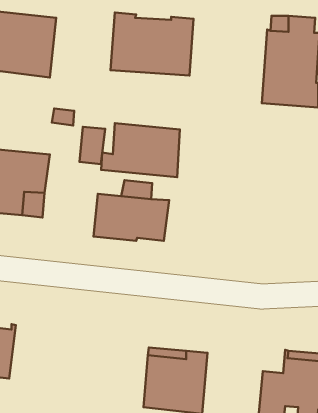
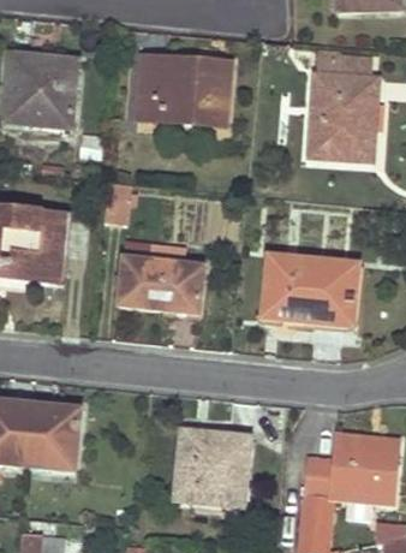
building: [101,123,180,177] -> none
building: none -> [264,257,357,322]
building: none -> [24,406,78,471]

